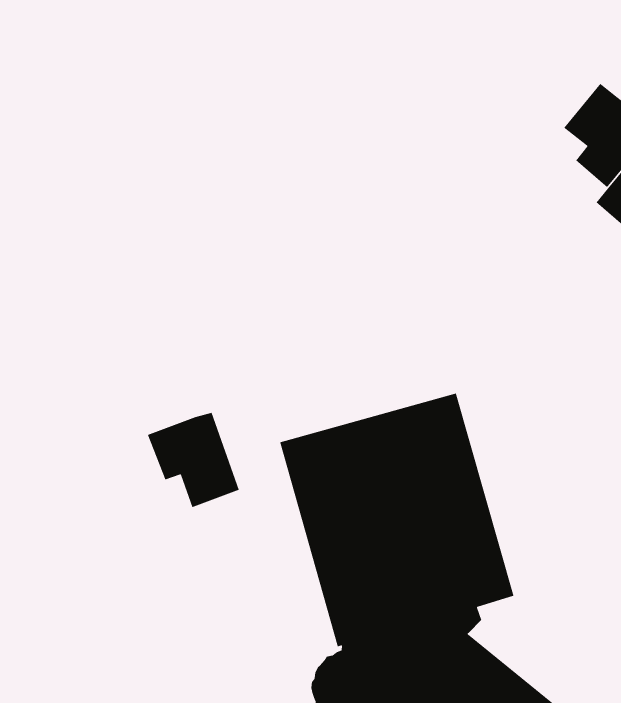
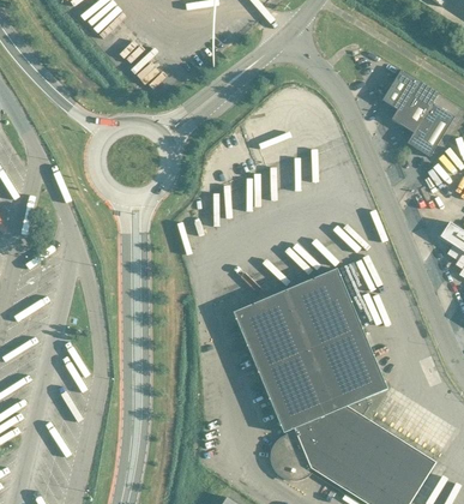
building: [147,412,240,508] -> none

